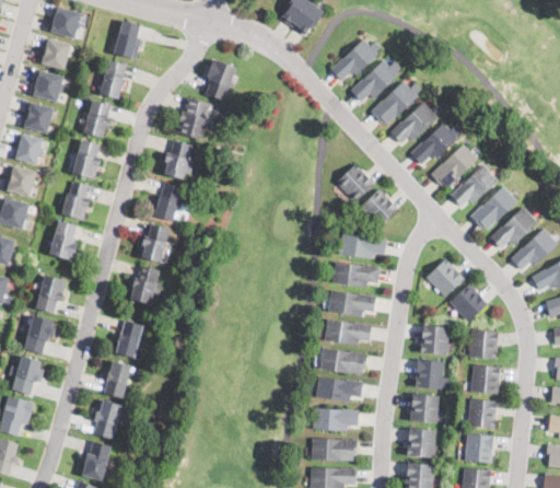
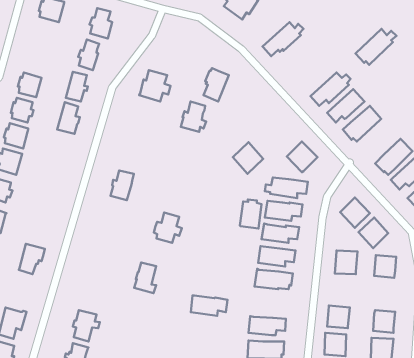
building: [42,38,71,69] -> none
building: [206,59,237,101] -> [203,68,229,101]
building: [351,59,398,102] -> none
building: [32,70,65,102] -> none
building: [371,80,422,125] -> [355,29,396,65]
building: [162,140,194,178] -> [181,101,206,132]
building: [337,163,375,202] -> [233,142,263,174]
building: [451,164,499,207] -> none
building: [62,181,91,220] -> none
building: [152,183,183,220] -> none
building: [50,220,79,259] -> none
building: none -> [240,199,262,228]
building: [128,265,163,303] -> [154,212,182,243]
building: [36,276,67,313] -> none
building: [116,321,143,359] -> [134,263,156,293]
building: [13,357,45,395] -> none
building: [104,360,132,398] -> none
building: [415,360,450,388] -> none
building: [471,364,500,394] -> none
building: [317,376,363,402] -> [191,296,228,316]

